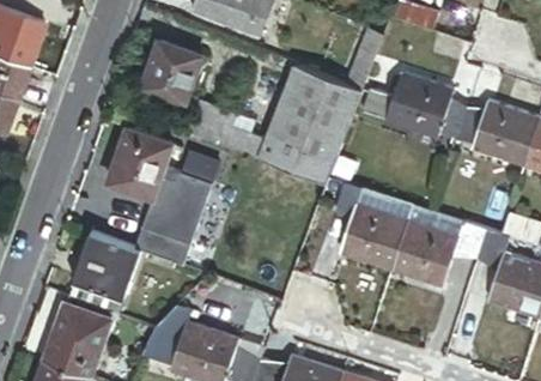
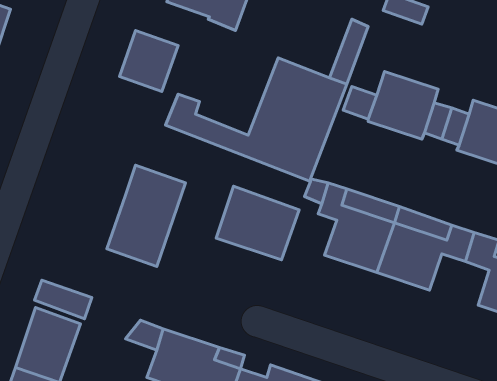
building: [110,127,170,194] -> none
building: none -> [216,186,299,260]
building: [72,230,138,294] -> none

